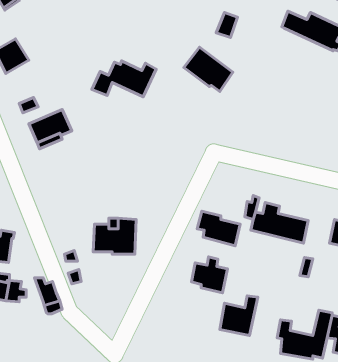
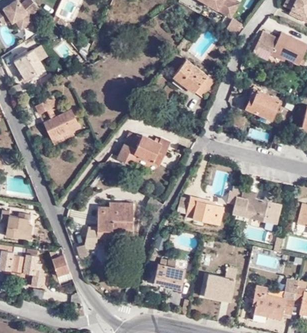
building: [92,61,156,97] -> [117,135,171,165]
building: none -> [245,87,280,120]
building: [192,257,227,293] -> [153,260,183,290]

